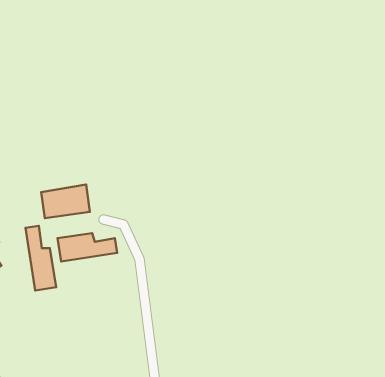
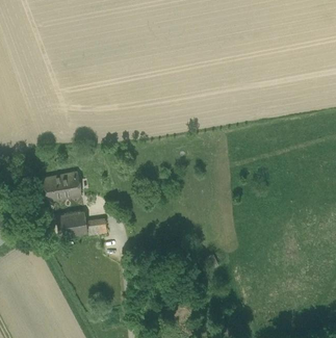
building: [25,226,56,290] -> none

